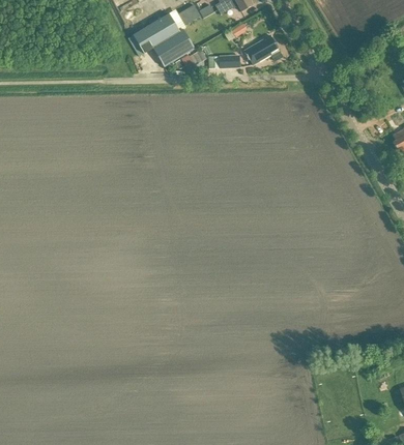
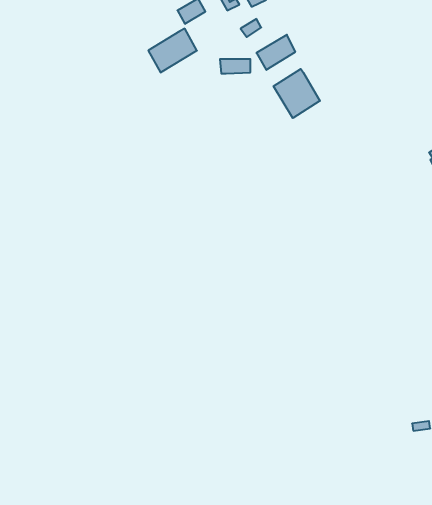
building: [129,12,181,55] -> none
building: none -> [274,69,320,118]

